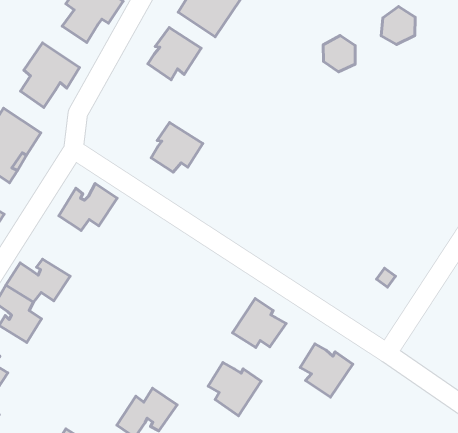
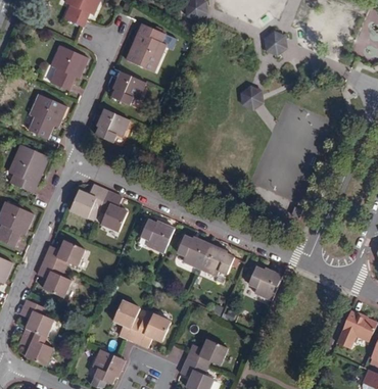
building: [323,35,355,72] -> [239,86,263,110]
building: [151,123,203,172] -> [97,108,130,141]
building: none -> [98,190,127,230]
building: none -> [140,216,175,251]
building: none -> [112,299,142,341]
building: [208,362,261,416] -> [176,233,210,266]

